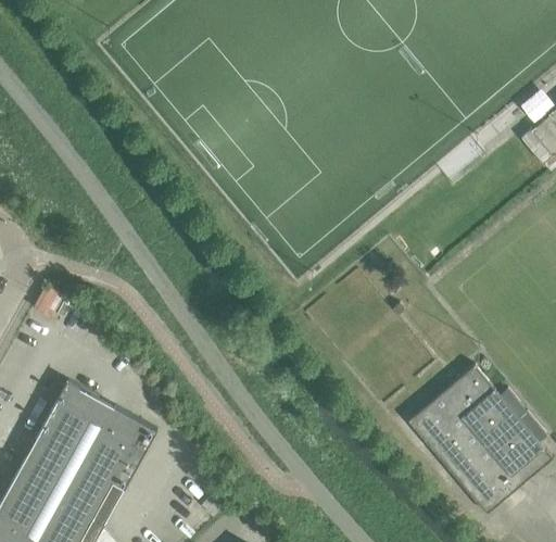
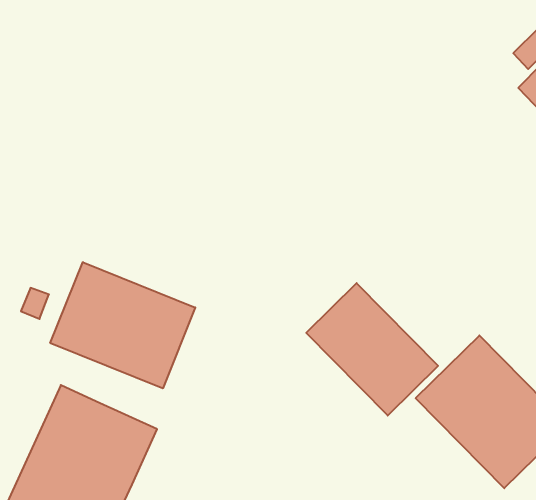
building: none -> [50,262,195,388]
building: none -> [306,283,438,416]

